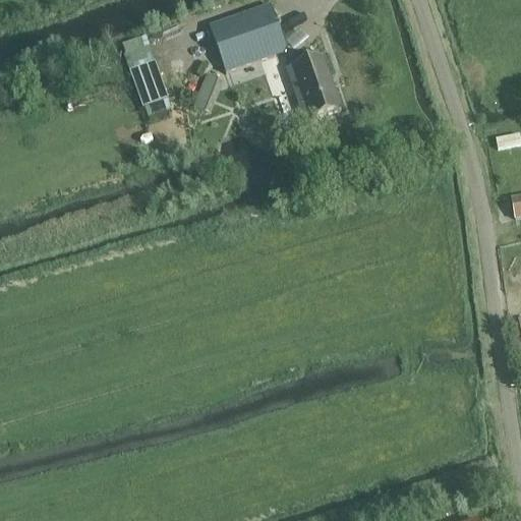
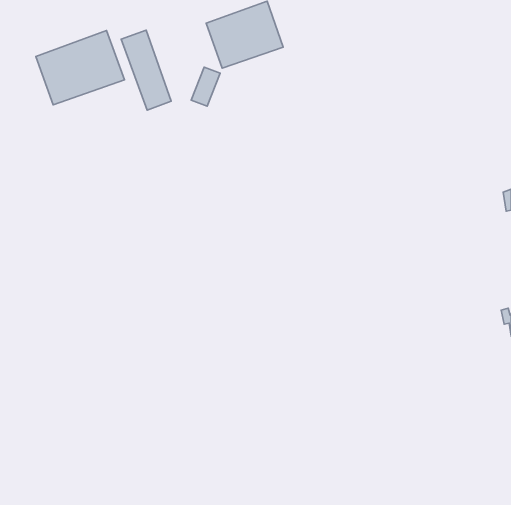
building: none -> [36,30,124,105]
building: [287,53,341,118] -> none

